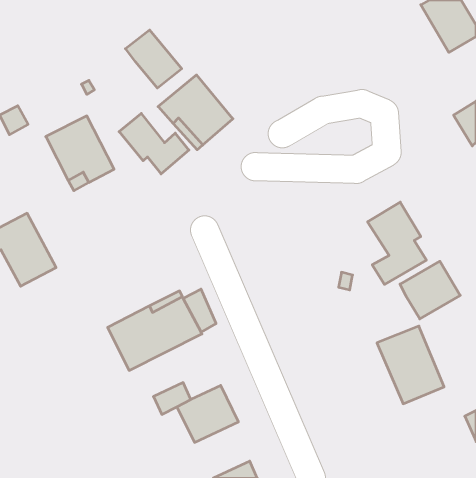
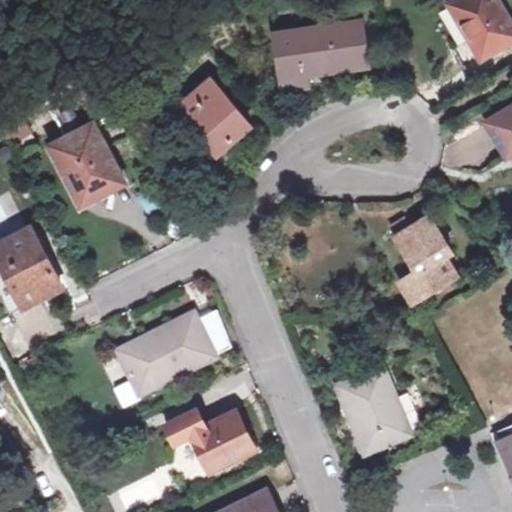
building: none -> [274,21,366,89]
building: [125,30,182,88] -> none
building: [119,113,189,174] -> none
building: [400,261,460,319] -> none
building: [377,326,444,404] -> [336,369,408,452]

